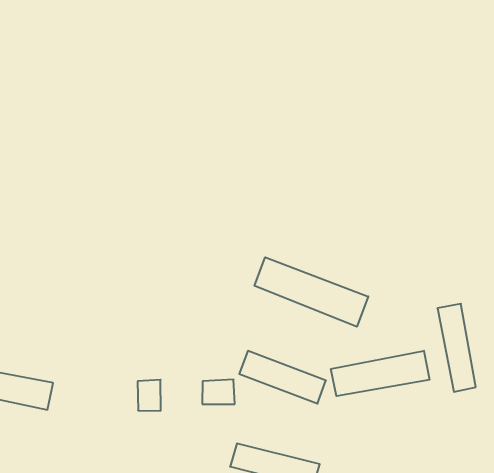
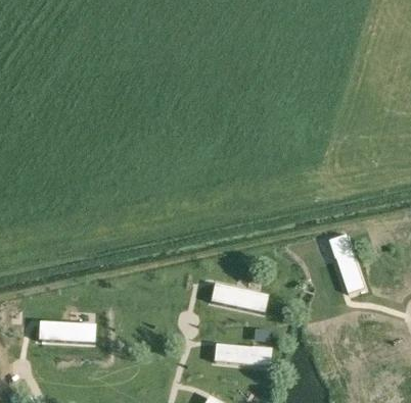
building: [255,257,368,327] -> none
building: [331,351,430,396] -> none

